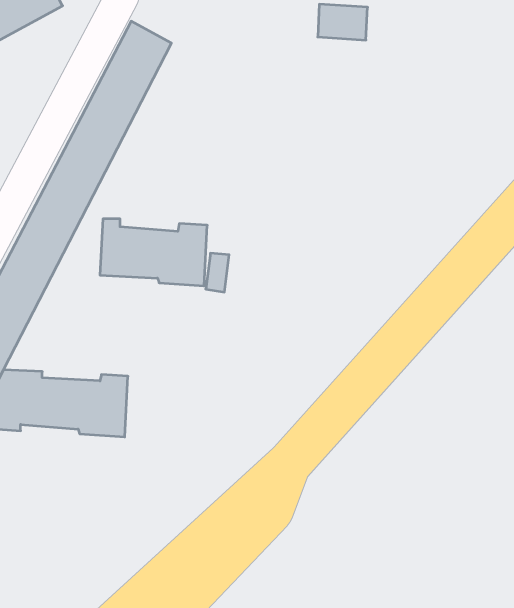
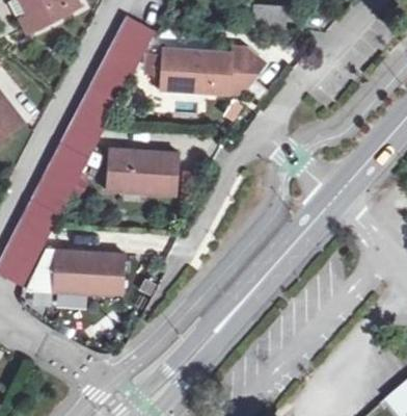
building: none -> [147,48,268,93]

